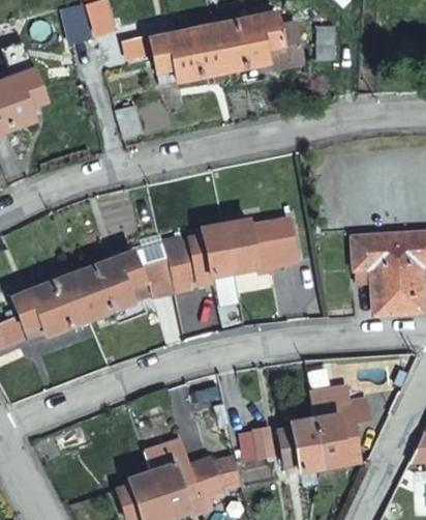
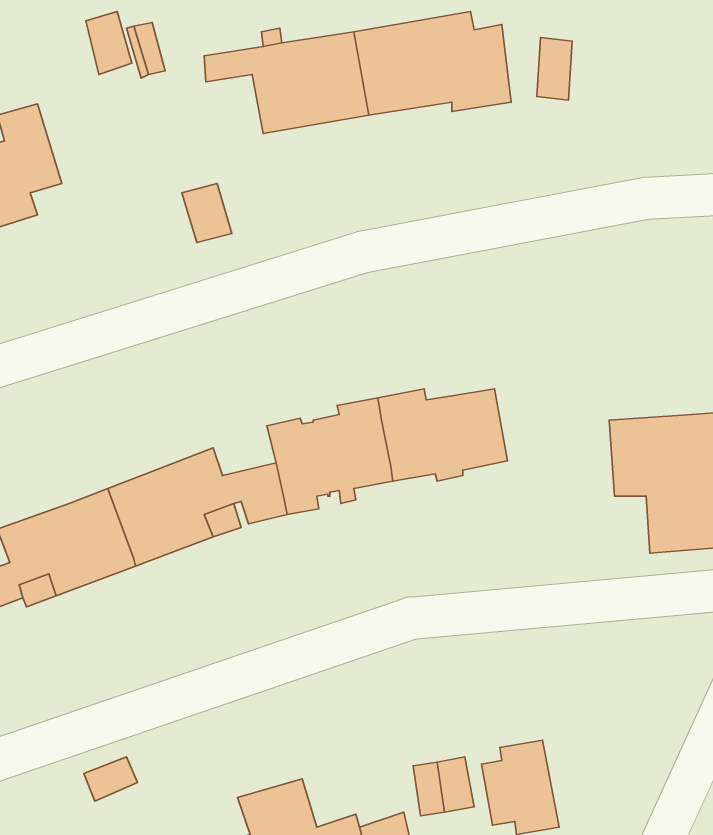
building: [311,384,371,466] -> none

